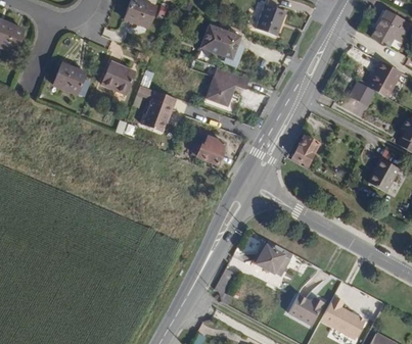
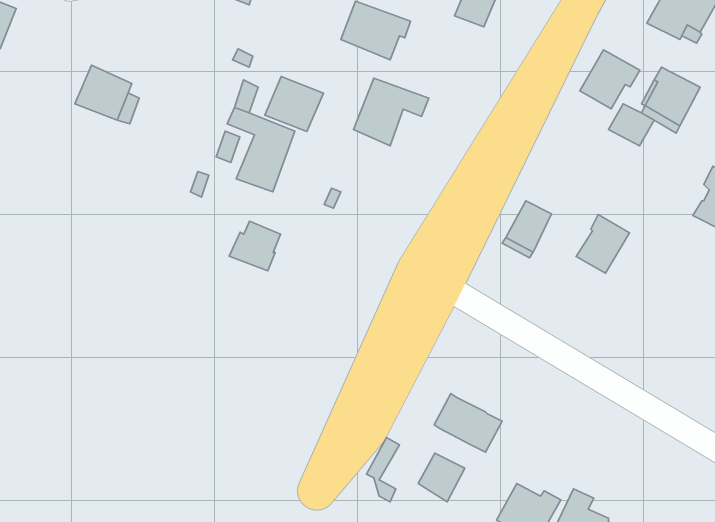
building: none -> [580,50,640,109]
building: [101,60,134,91] -> [265,77,323,132]
building: [195,136,224,163] -> [229,221,281,271]
building: [368,156,398,189] -> [576,214,629,273]
building: none -> [418,453,465,502]

